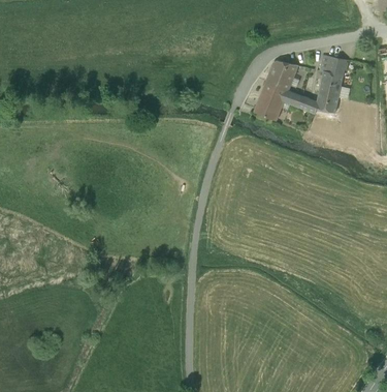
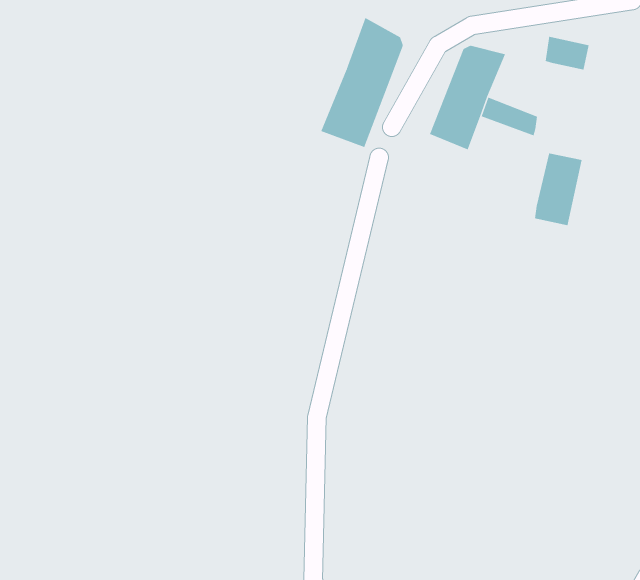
building: none -> [321,17,403,148]
building: [316,70,344,113] -> [534,153,582,226]

